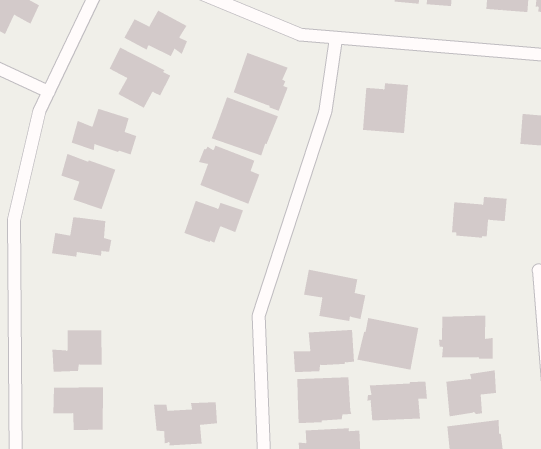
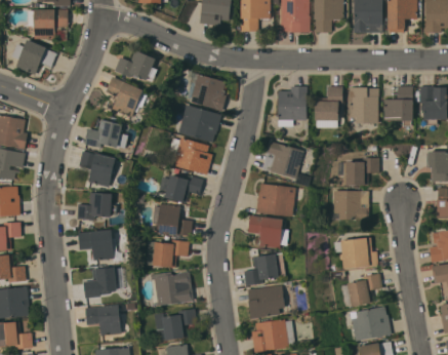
building: none -> [315,86,342,121]
building: none -> [350,88,378,124]
building: none -> [261,142,303,179]
building: none -> [156,204,192,237]
building: none -> [333,191,368,221]
building: none -> [78,230,114,261]
building: none -> [152,240,189,268]
building: [357,318,419,370] -> [255,184,295,216]
building: none -> [150,272,193,306]
building: [367,381,427,421] -> none

